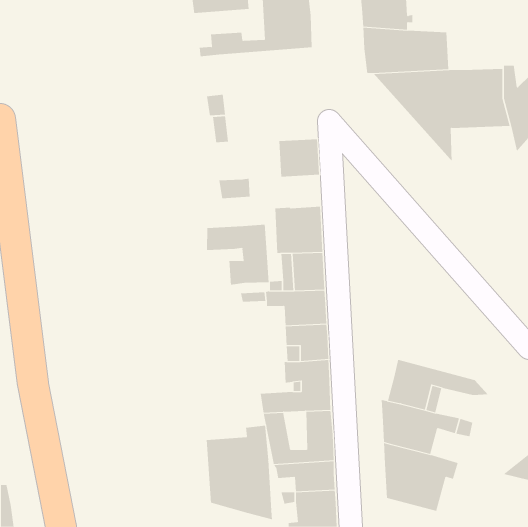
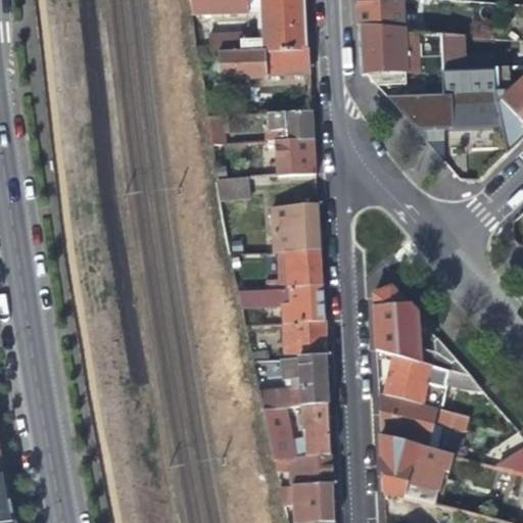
building: none -> [442,32,467,68]
building: none -> [218,47,311,80]
building: none -> [268,109,315,140]
building: [207,224,269,285] -> none
building: none -> [372,288,470,375]
building: [206,425,273,520] -> none

